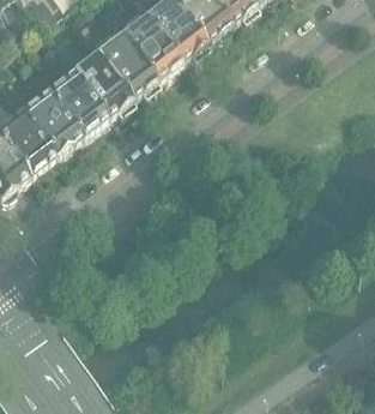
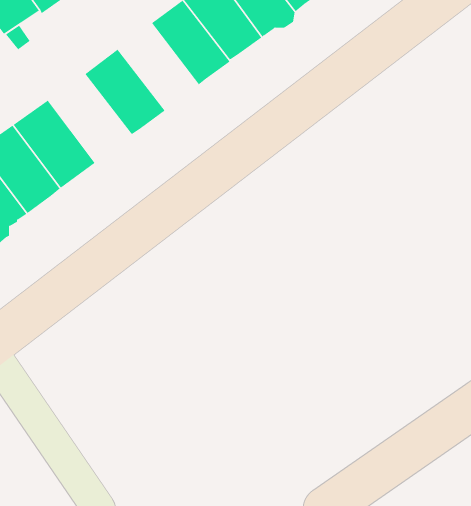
building: [98,30,159,96] -> none
building: [46,68,109,136] -> none

